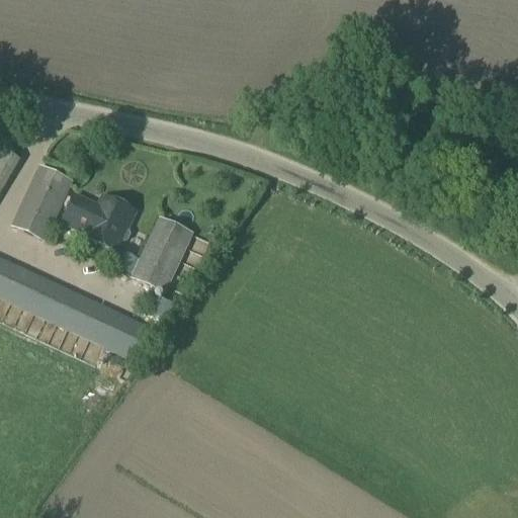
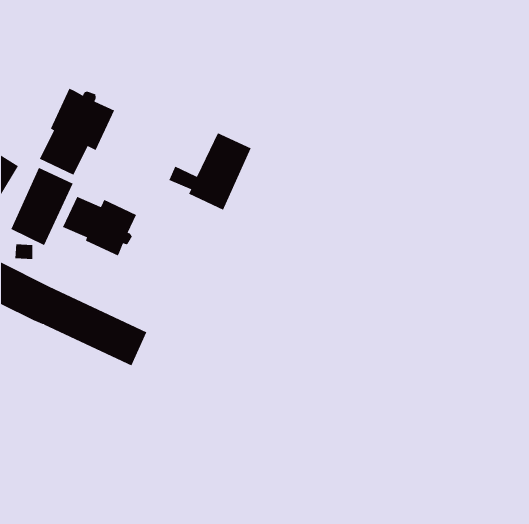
building: none -> [39,88,115,176]
building: [111,215,192,291] -> [169,133,252,210]

